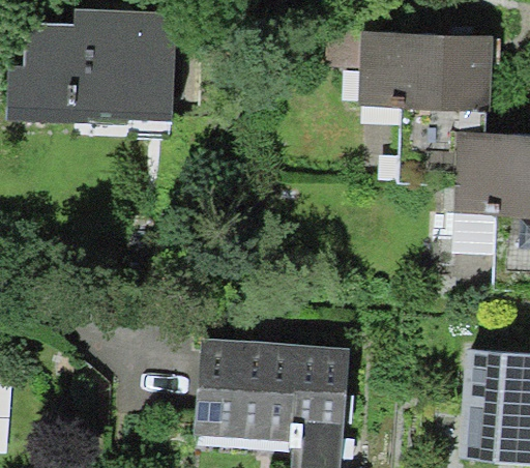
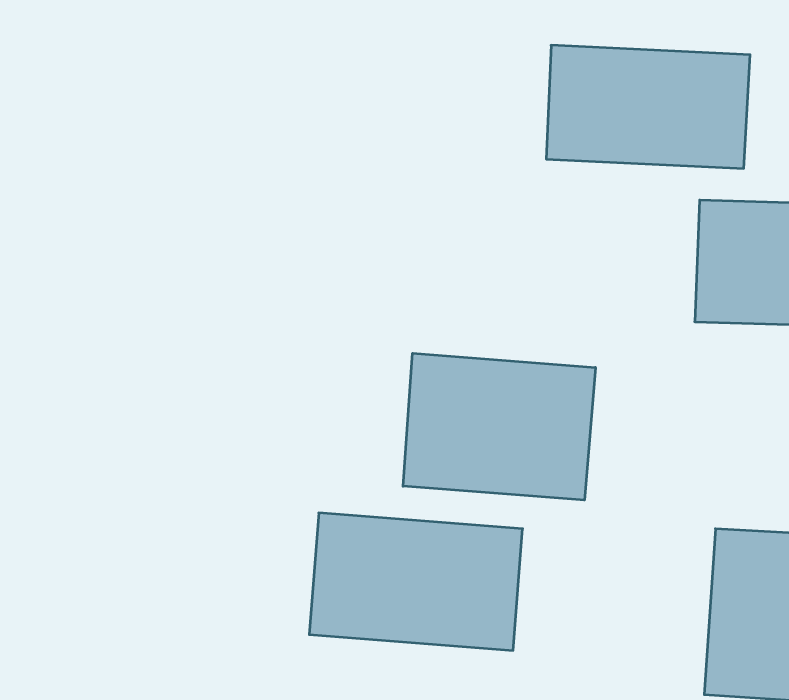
building: [17,9,178,119] -> none
building: none -> [403,353,595,500]

